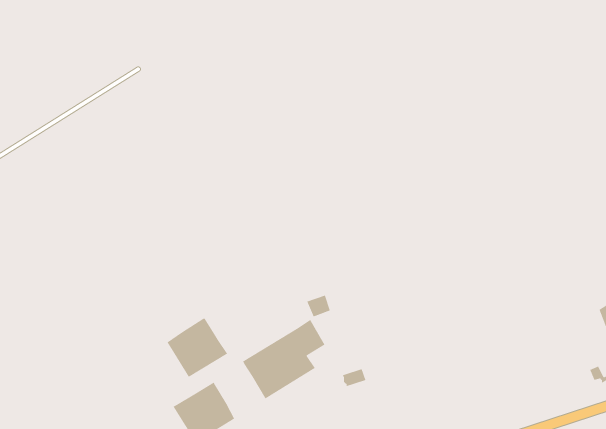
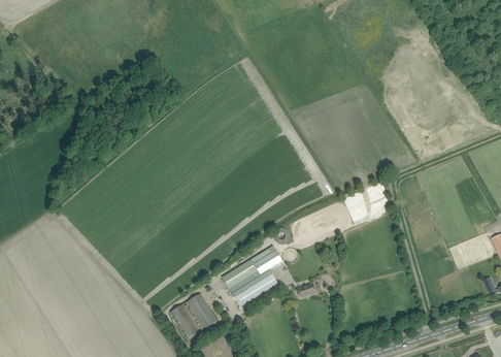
building: [166,317,228,378] -> none

